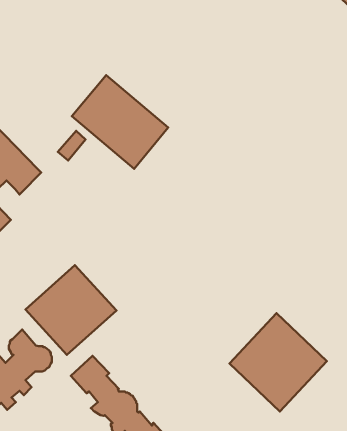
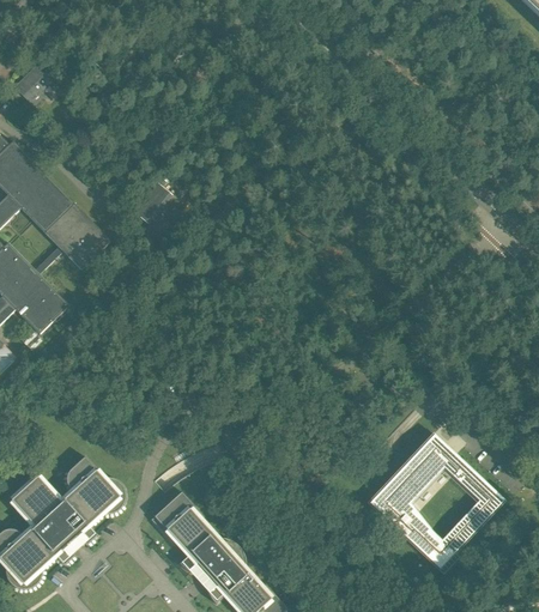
building: [72,75,168,169] -> none
building: [26,265,116,355] -> none

